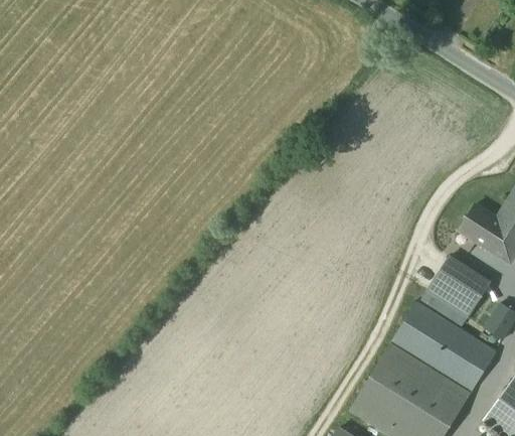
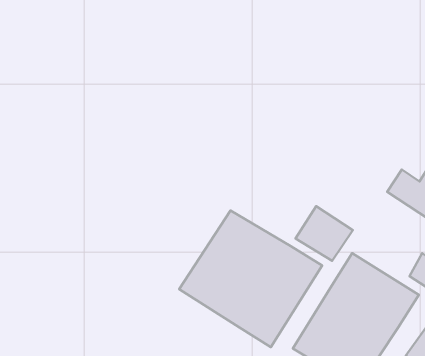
building: none -> [179,211,322,347]
building: [425,254,493,318] -> [296,206,353,261]

